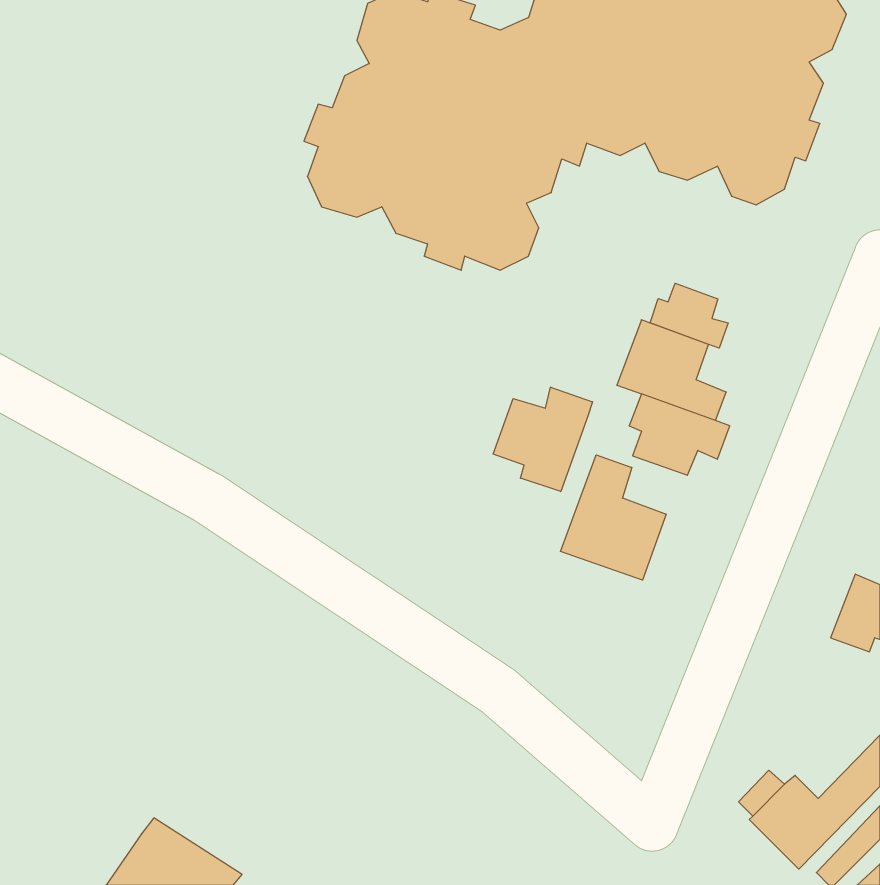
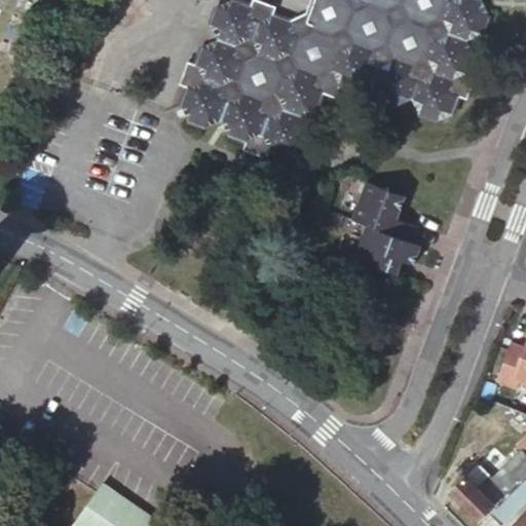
building: [650,283,728,348] -> none
building: [493,387,593,492] -> none
building: [560,455,666,580] -> none

